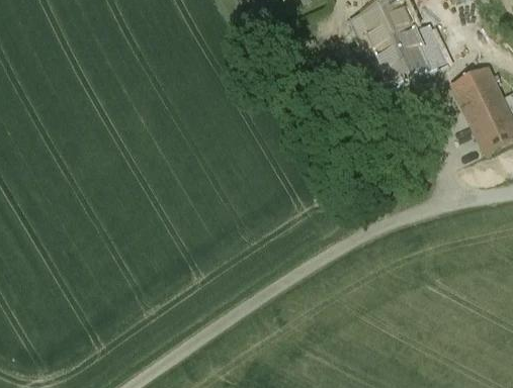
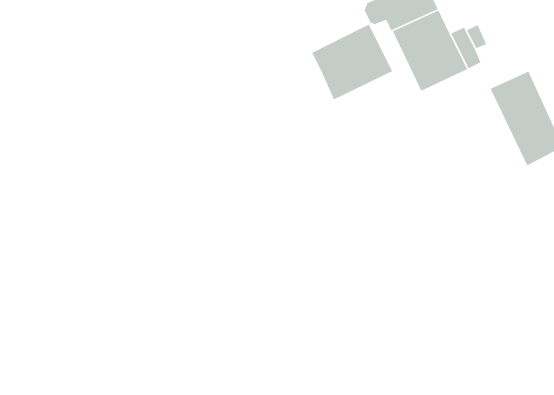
building: none -> [311,23,393,100]

